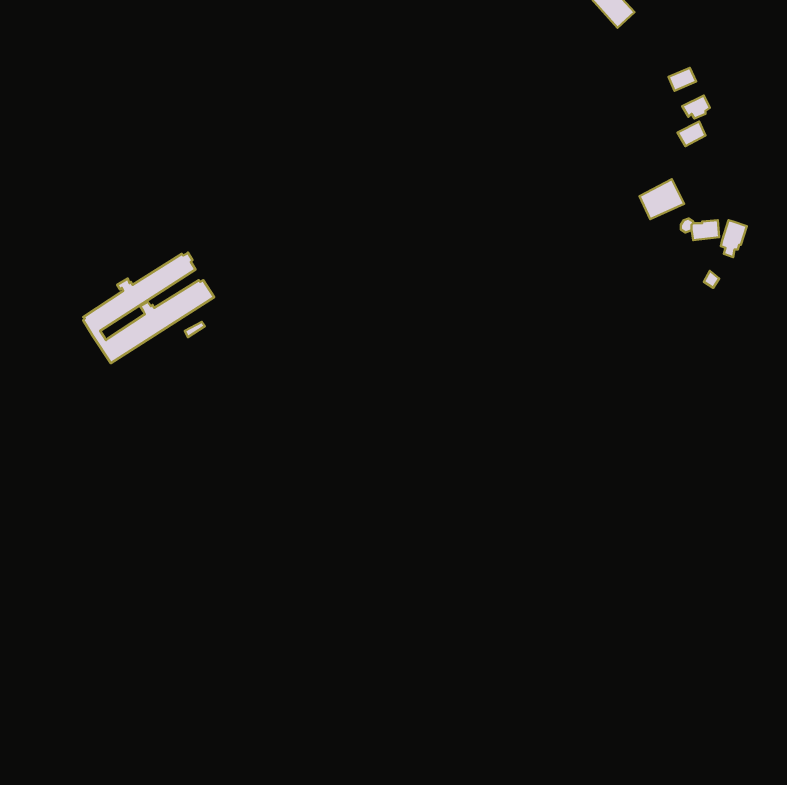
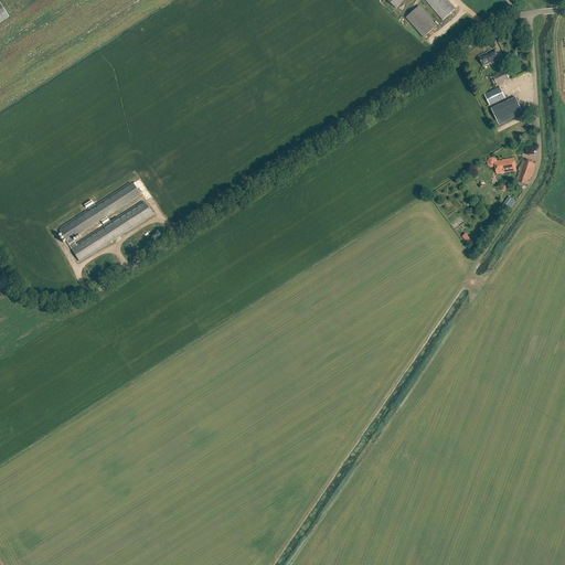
building: none -> [405,4,436,36]
building: [640,179,684,219] -> [493,96,525,125]

